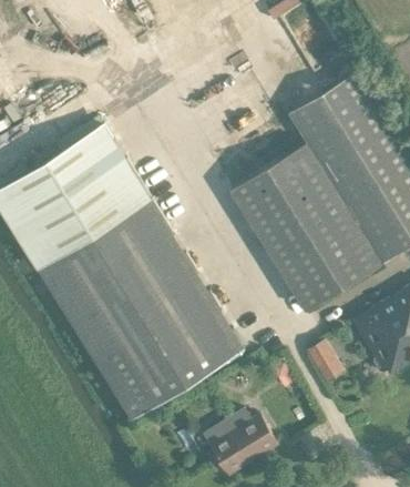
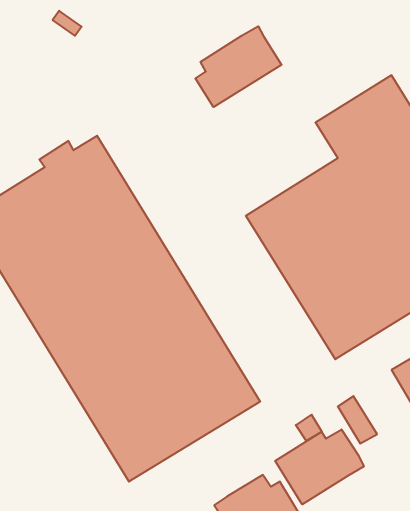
building: none -> [195,26,282,107]
building: none -> [275,429,364,504]

